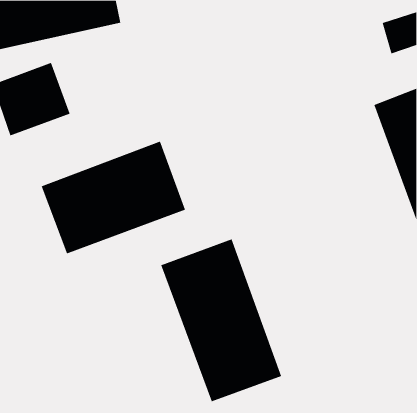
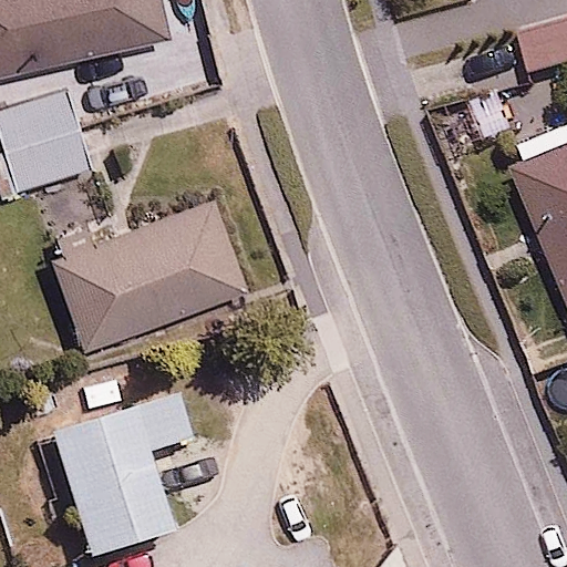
building: [161,238,282,402] -> none
building: none -> [44,371,192,557]

